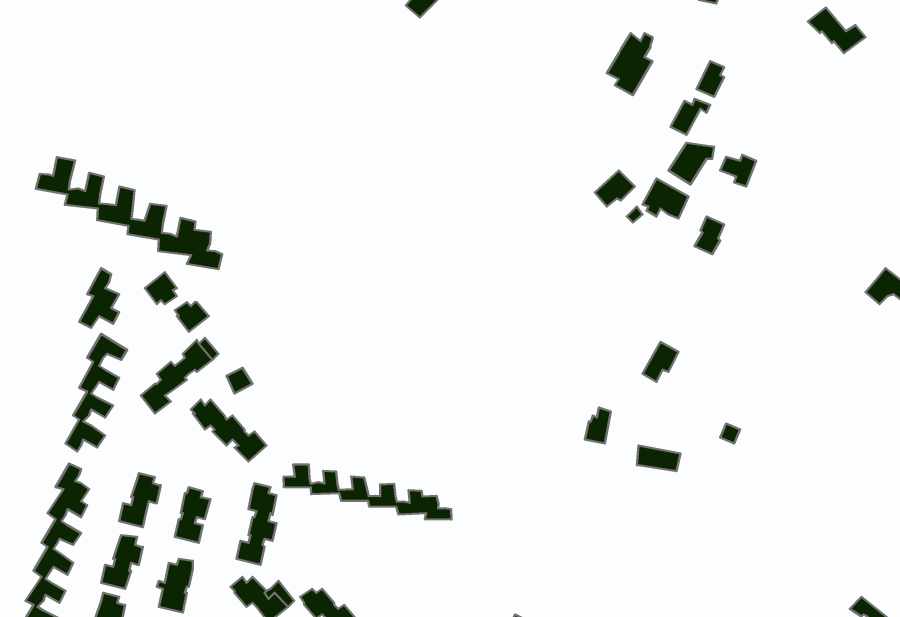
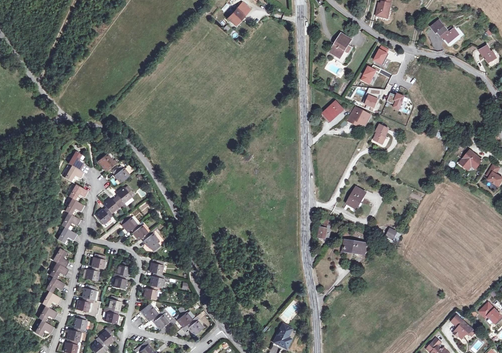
building: [36,157,222,269] -> none
building: [283,464,452,519] -> none

